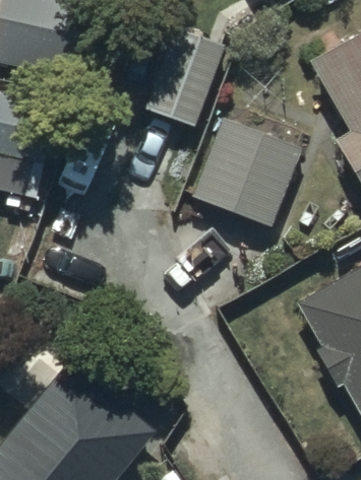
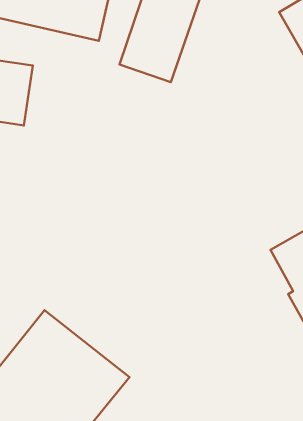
building: [191,117,302,229] -> none

